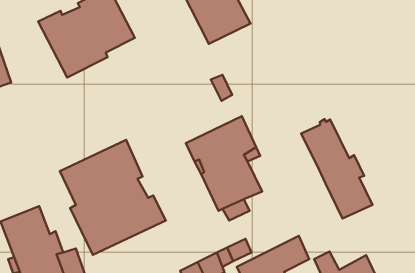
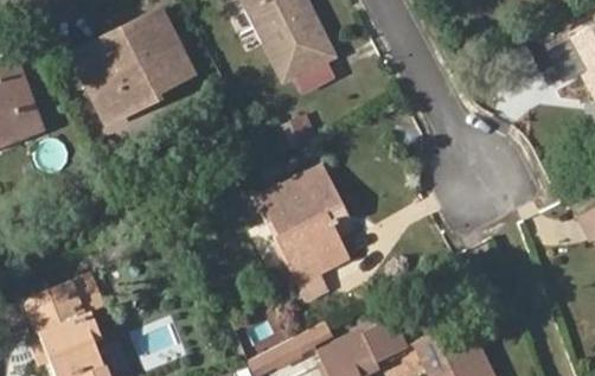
building: [301,119,373,219] -> none
building: [60,140,166,255] -> none

